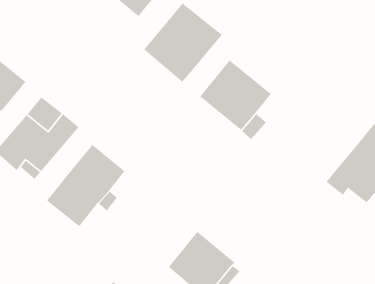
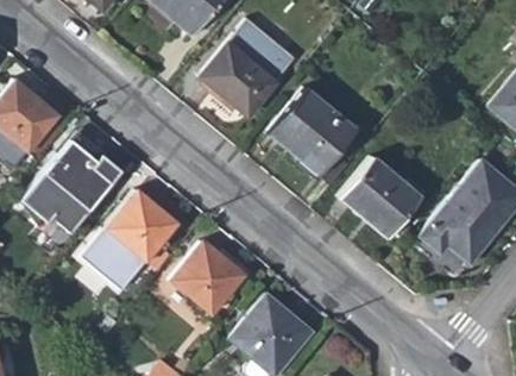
building: none -> [340,157,420,237]
building: none -> [171,243,244,314]

